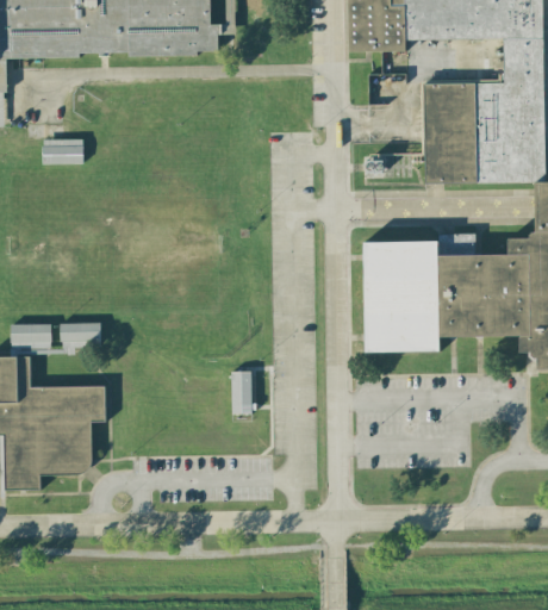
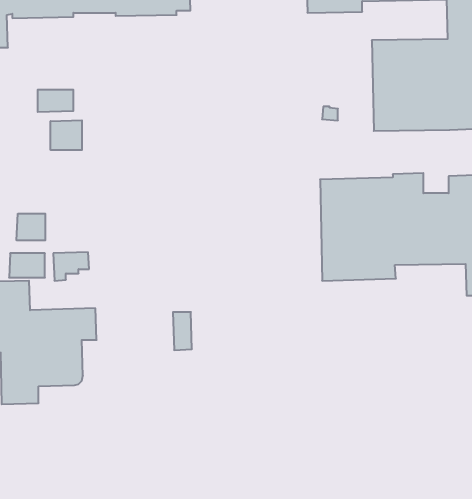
building: none -> [51,120,82,150]
building: none -> [17,214,45,240]
building: [231,371,253,413] -> [173,312,192,350]

